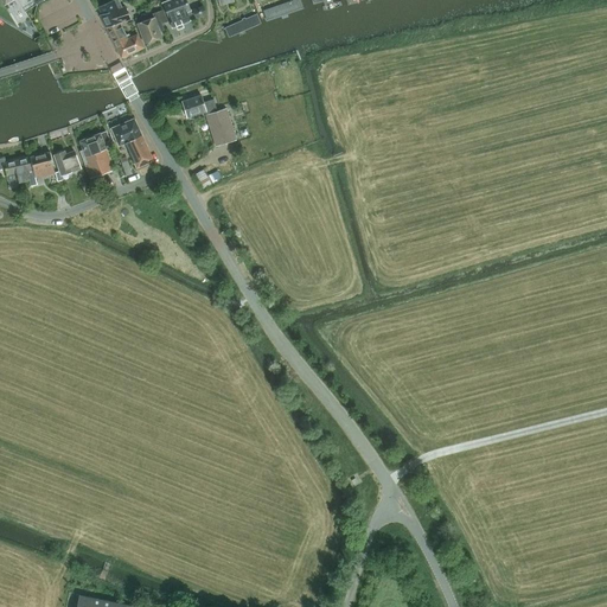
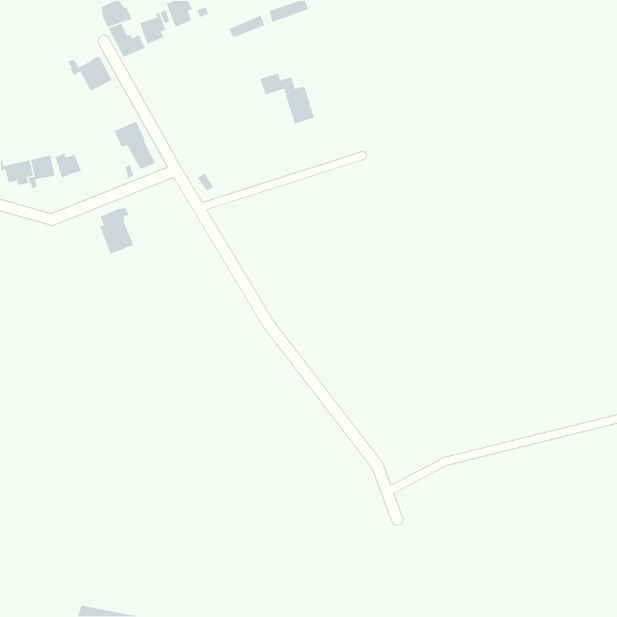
building: none -> [67,55,113,92]
building: [181,95,236,146] -> [259,72,315,124]
building: [79,132,114,179] -> [99,207,134,255]

